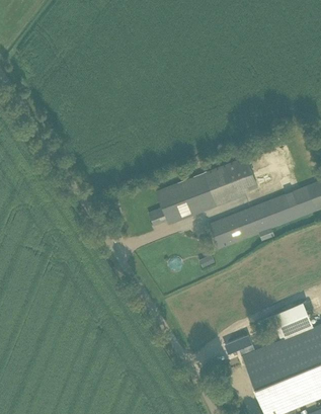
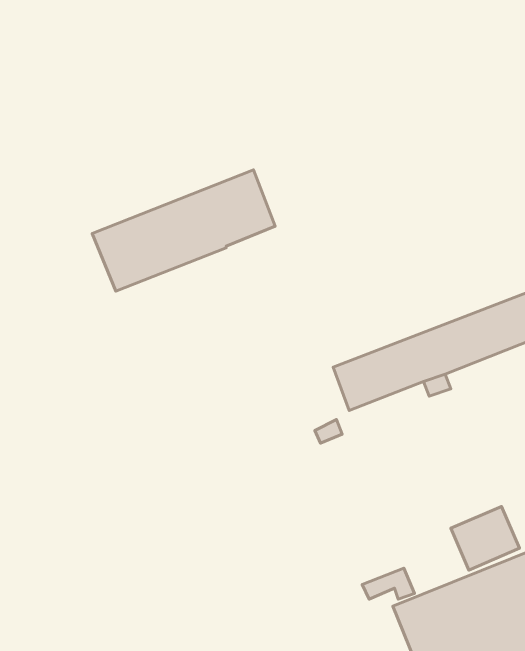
building: [155,156,257,224] -> [92,170,275,291]

